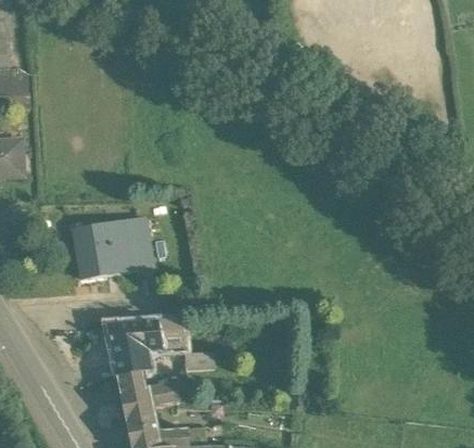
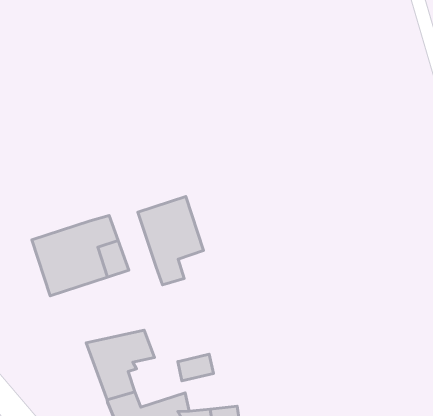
building: none -> [138,197,203,285]
building: [158,320,184,347] -> none

